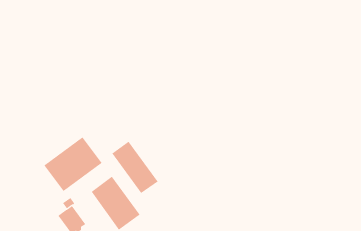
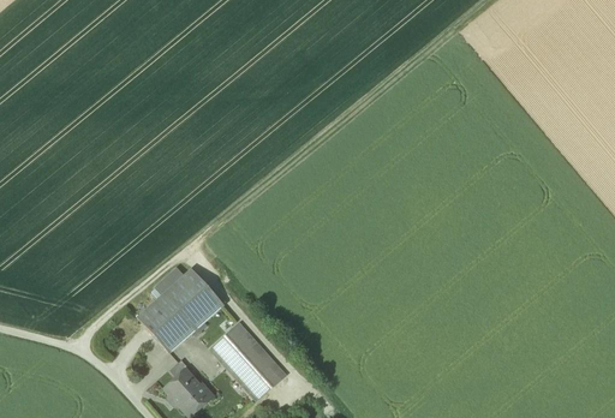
building: [111,141,159,194] -> none

